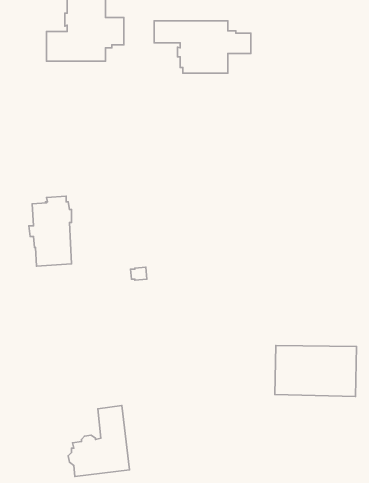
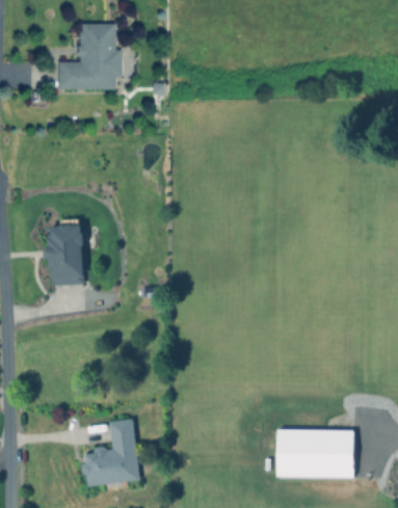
building: [154,21,251,73] -> none
building: [275,345,357,397] -> [276,430,354,479]

